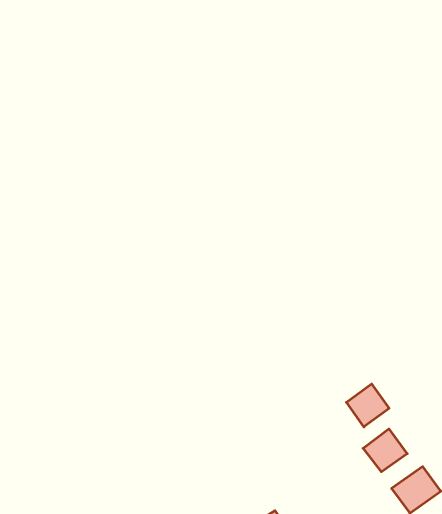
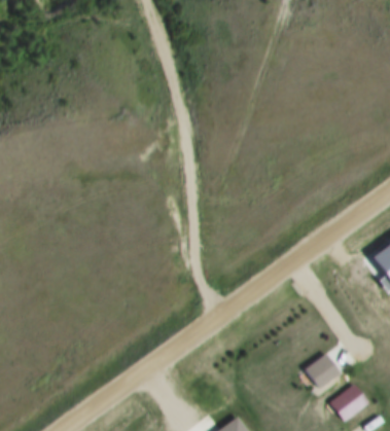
building: [346,384,389,427] -> none

